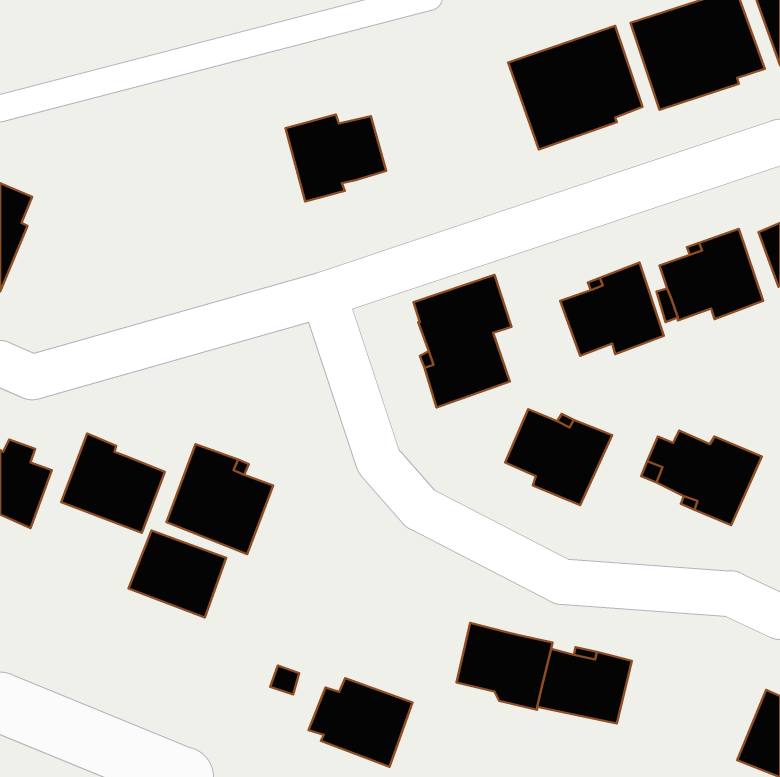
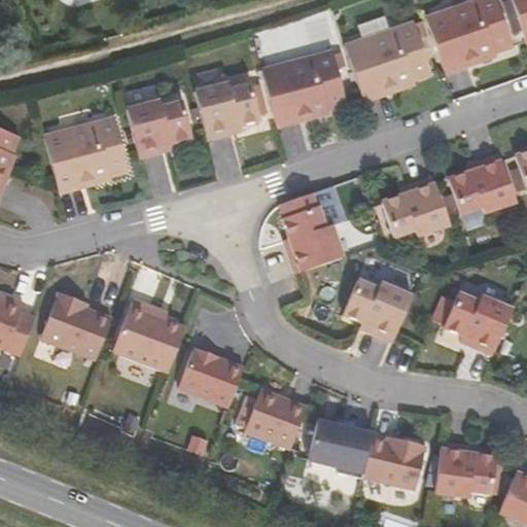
building: none -> [260,46,349,127]
building: none -> [126,99,194,157]
building: none -> [42,115,132,192]
building: [129,530,226,617] -> [178,348,244,407]
building: none -> [433,444,497,497]
building: [309,678,412,767] -> [236,389,306,449]

